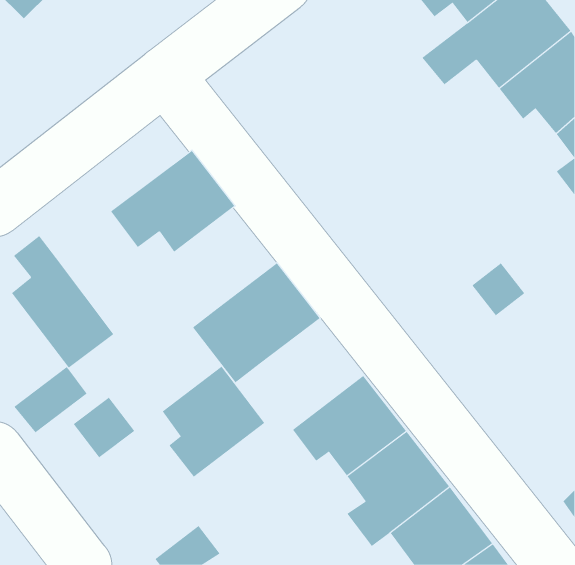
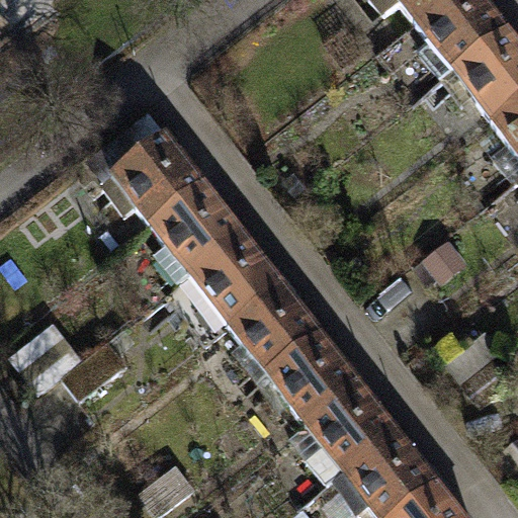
building: none -> [155,183,247,274]
building: [11,235,114,368] -> none
building: [162,366,265,477] -> [232,283,324,382]

